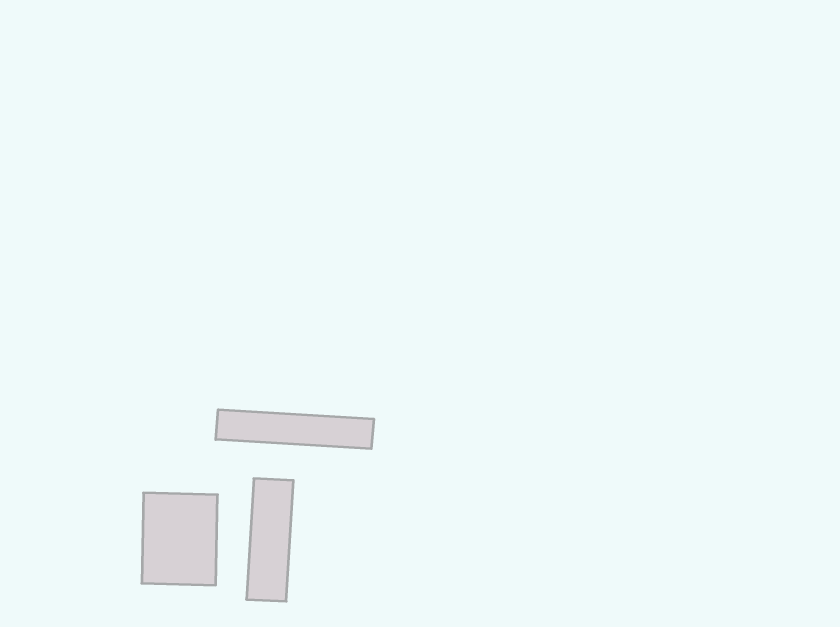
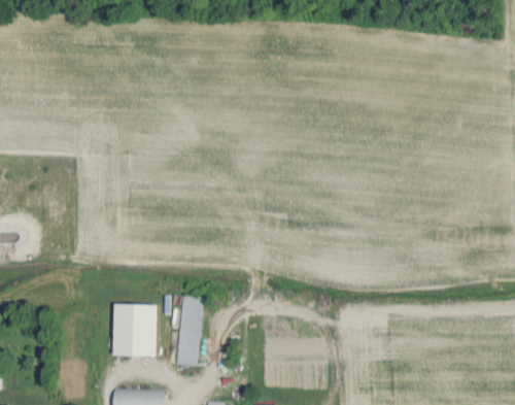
building: [216,410,374,449] -> none

